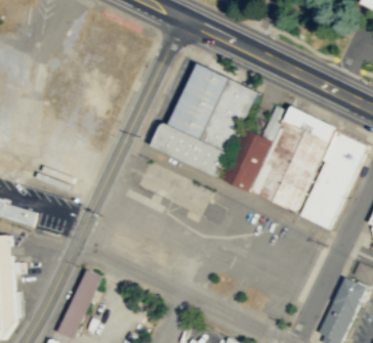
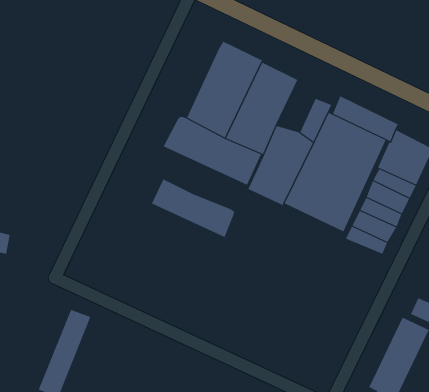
building: none -> [151,179,234,238]

